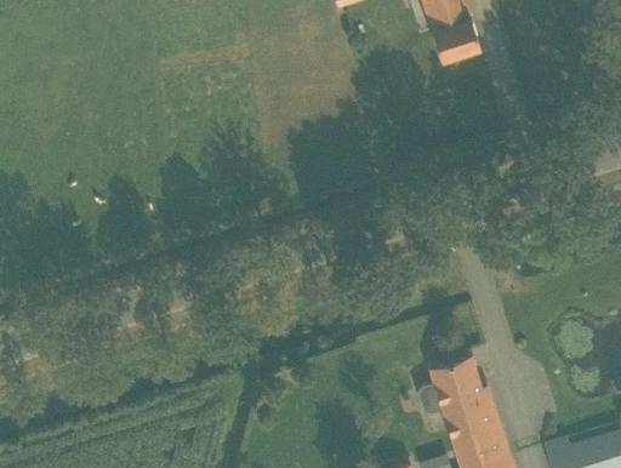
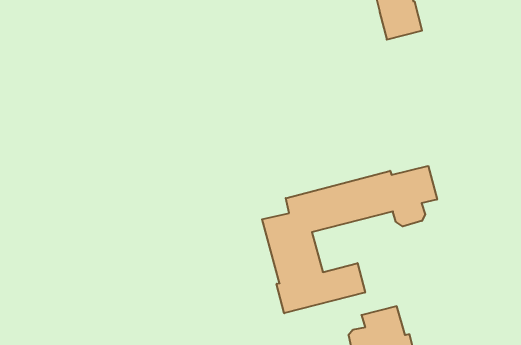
building: none -> [262,166,437,313]

